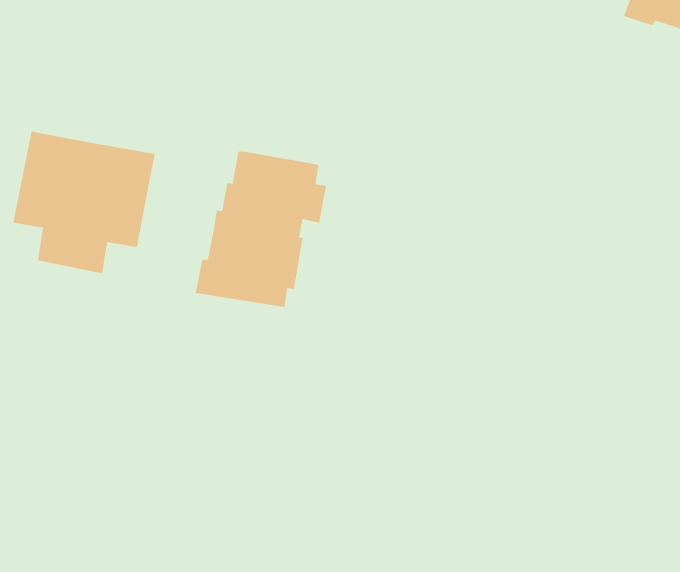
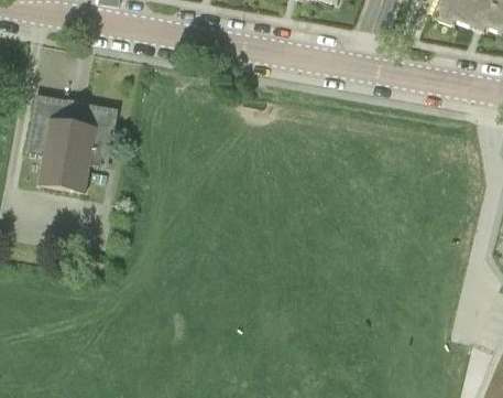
building: [195,151,326,308] -> none

